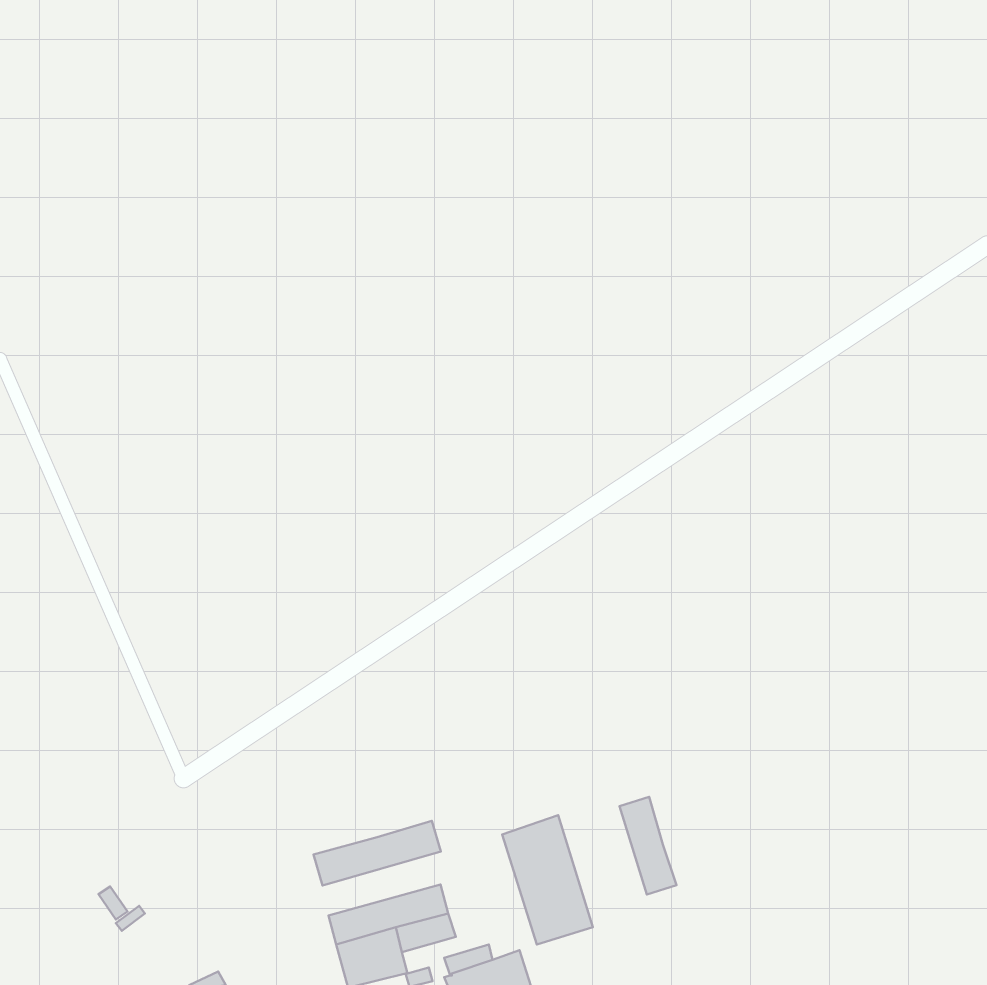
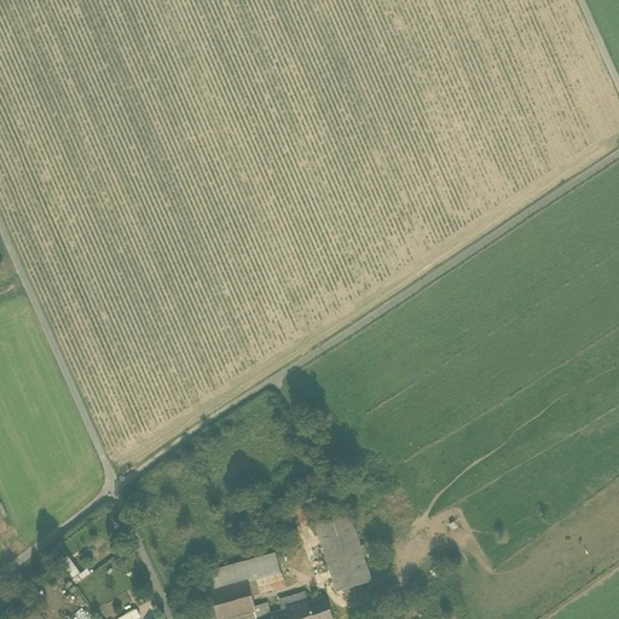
building: [619,797,677,895] -> none
building: [313,821,441,885] -> none

